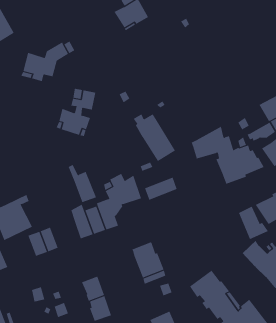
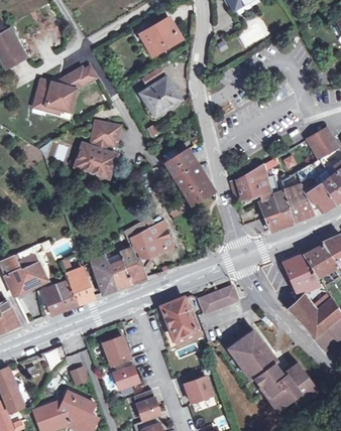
building: none -> [140,77,181,116]
building: [68,164,97,203] -> [61,259,94,303]
building: [144,177,178,201] -> [200,285,238,312]

